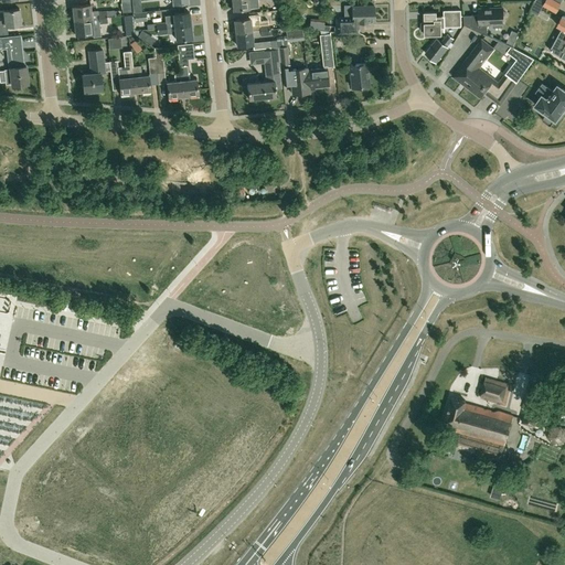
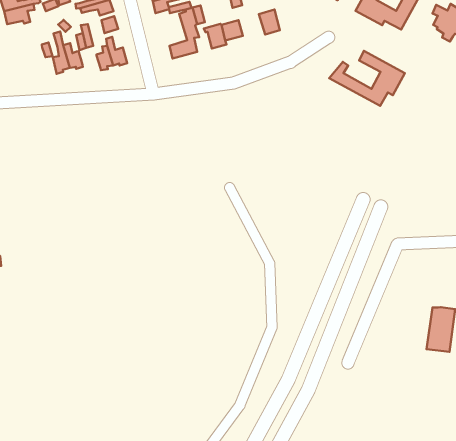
building: [82,51,104,94] -> none
building: none -> [329,51,405,106]
building: [480,377,511,406] -> none
building: [443,397,489,455] -> none

